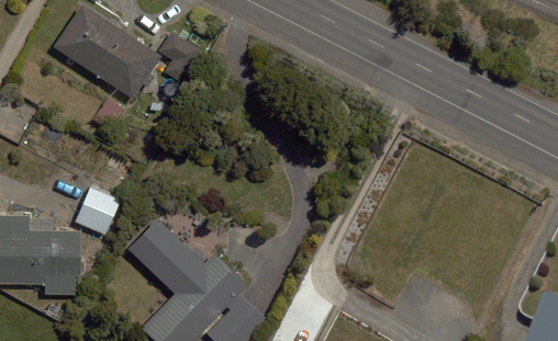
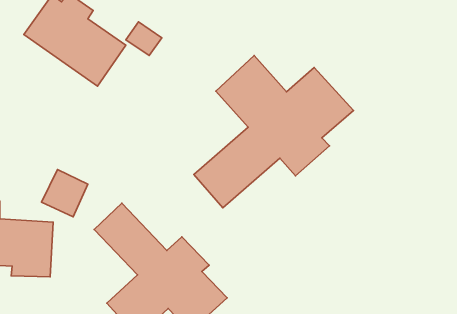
building: none -> [194,56,353,208]

